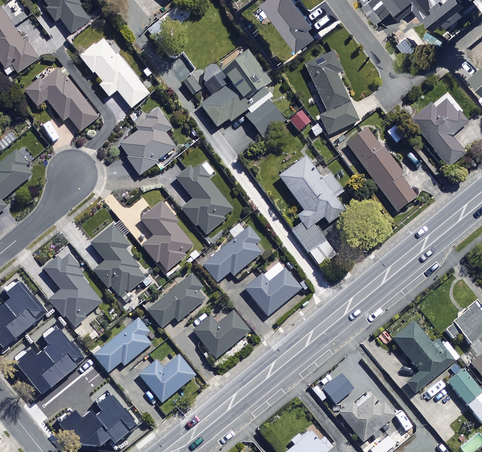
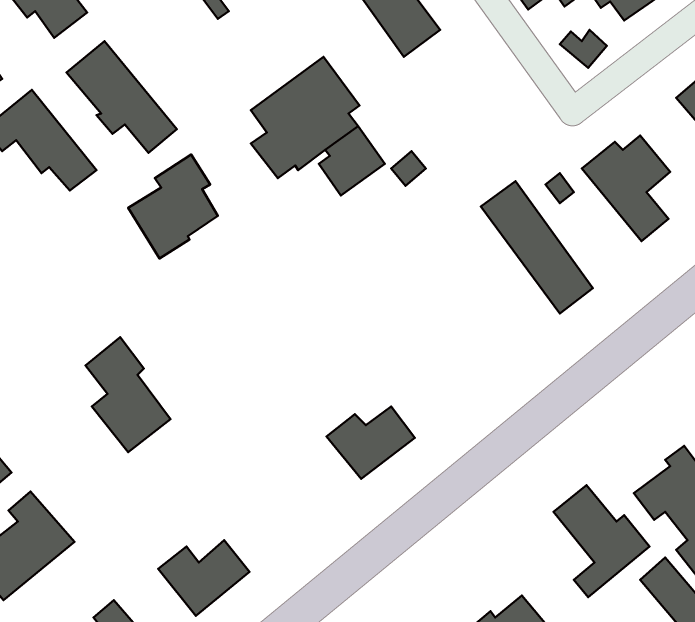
building: [302,48,357,133] -> none
building: [276,154,341,263] -> none
building: [177,163,236,235] -> none
building: [142,201,196,272] -> none
building: [204,226,263,282] -> none
building: [45,254,103,326] -> none
building: [150,274,206,327] -> none
building: [195,310,250,357] -> none
building: [95,318,157,372] -> none
building: [323,369,355,401] -> none

